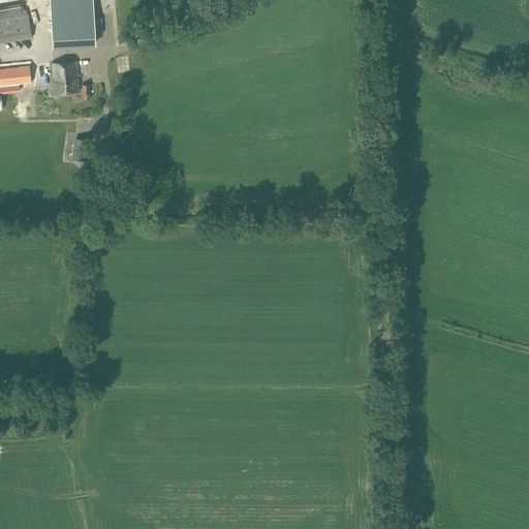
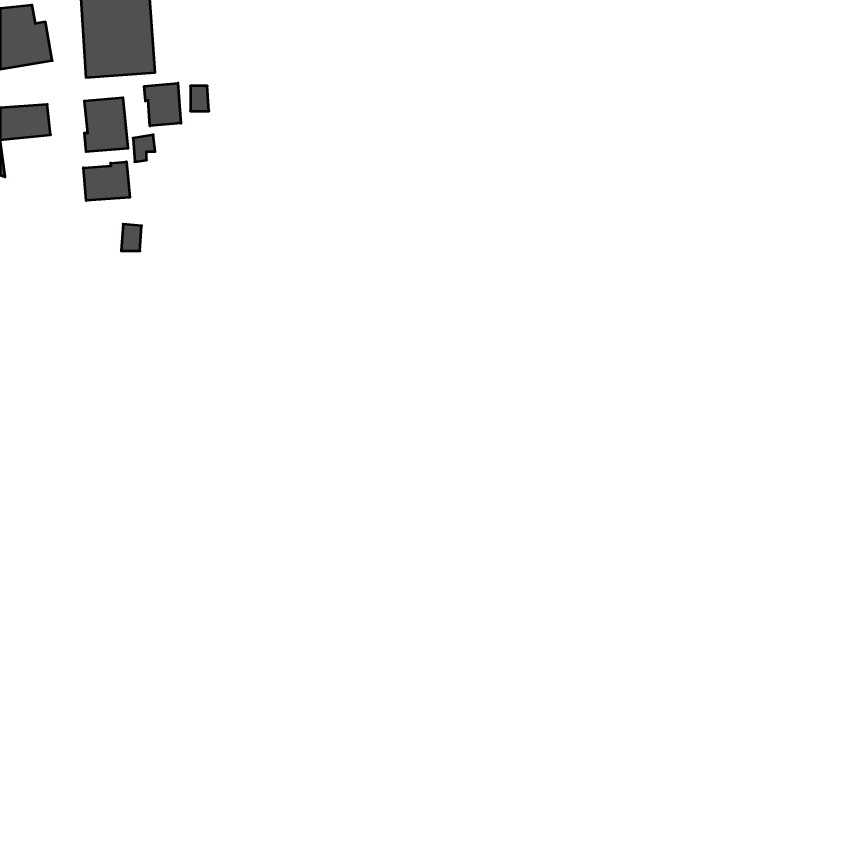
building: none -> [144,83,181,126]
building: none -> [83,162,130,201]

